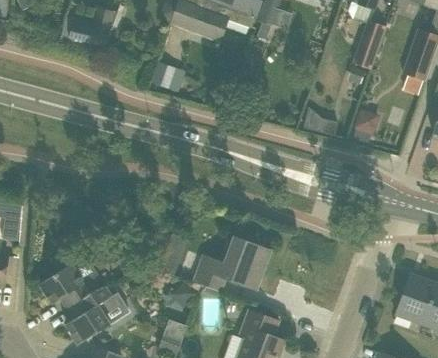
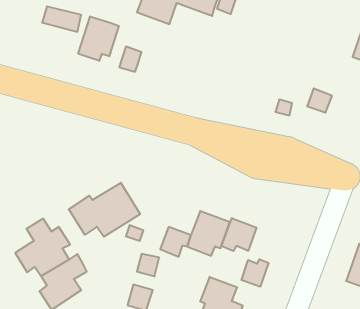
building: [353,20,385,69] -> none
building: none -> [78,16,119,61]
building: none -> [69,183,140,237]
building: none -> [221,218,256,251]
building: none -> [241,259,269,287]

